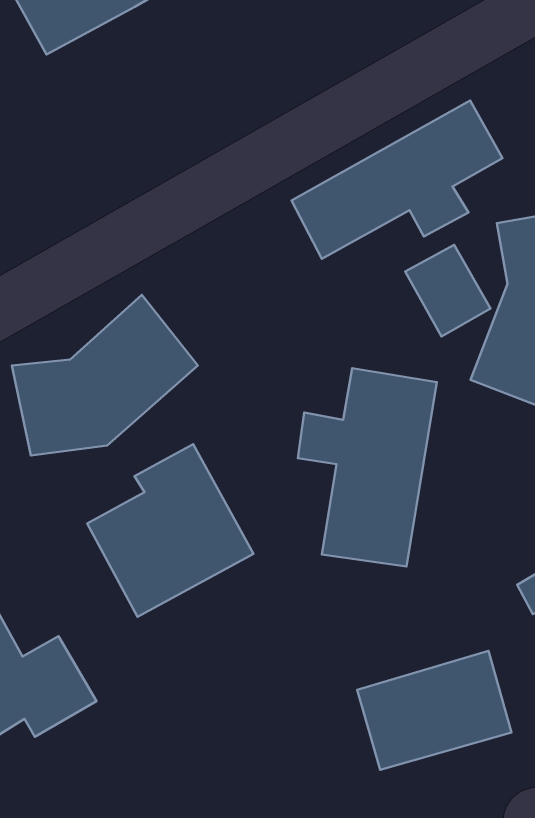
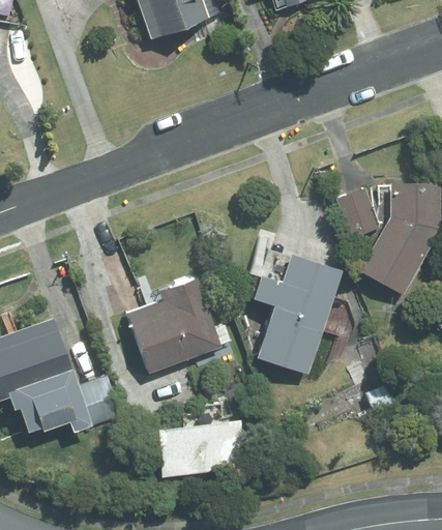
building: [291,101,502,259] -> none
building: [12,295,198,455] -> none
building: [357,651,512,770] -> [156,420,241,478]

